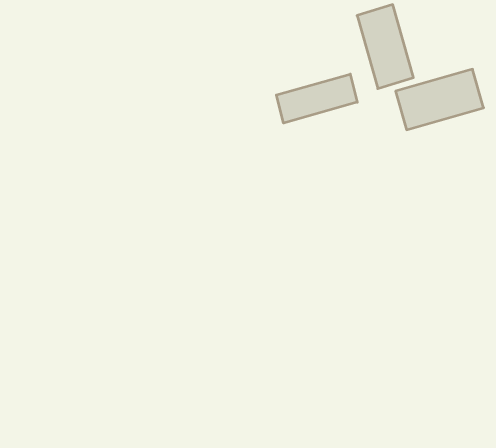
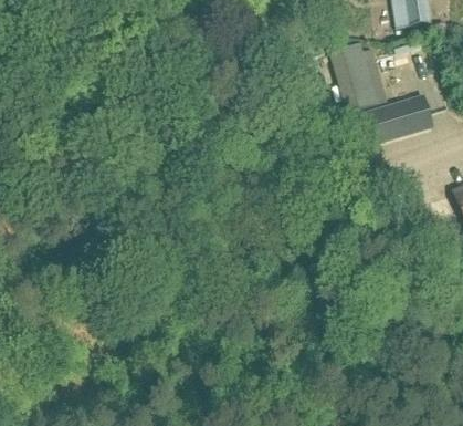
building: [276,74,357,123] -> none

